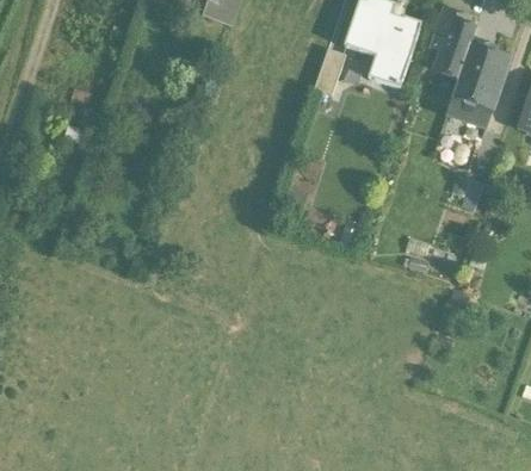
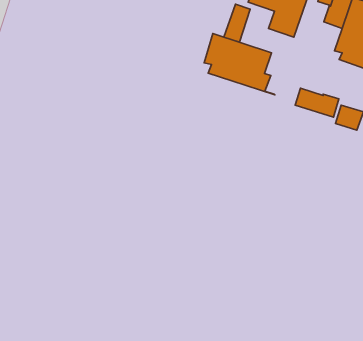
building: none -> [204,34,275,95]
building: none -> [295,88,339,117]

